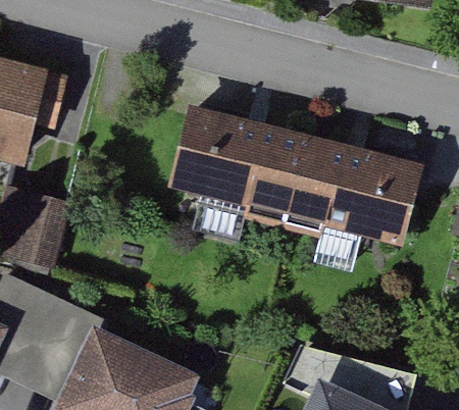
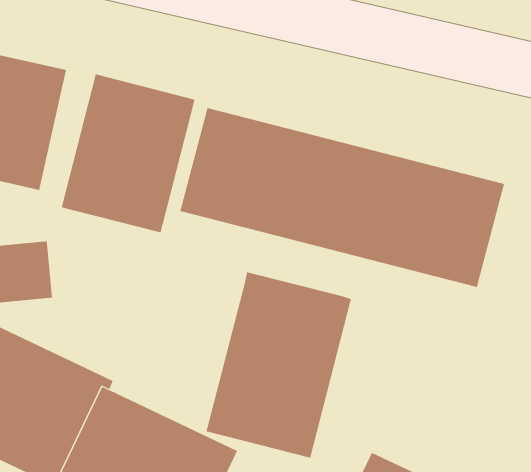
building: none -> [61,74,195,233]
building: none -> [206,272,352,459]

